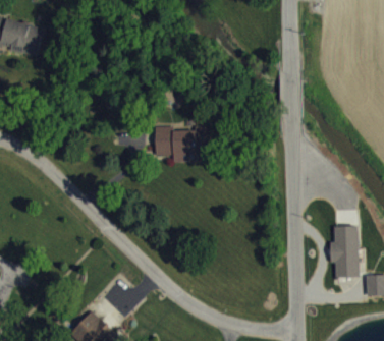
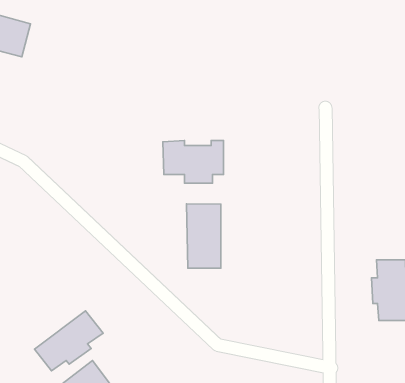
building: none -> [187,204,221,268]
building: none -> [35,311,103,371]

